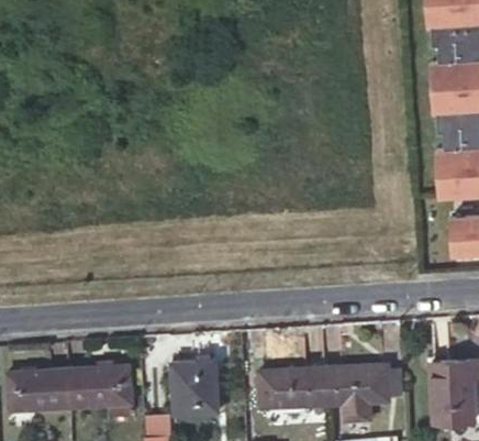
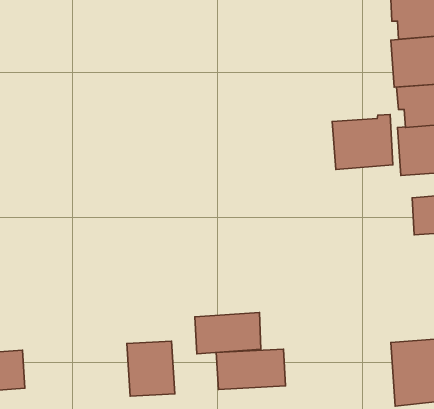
building: none -> [332,114,393,169]
building: [323,363,388,404] -> [195,312,261,354]
building: [67,365,130,406] -> none

